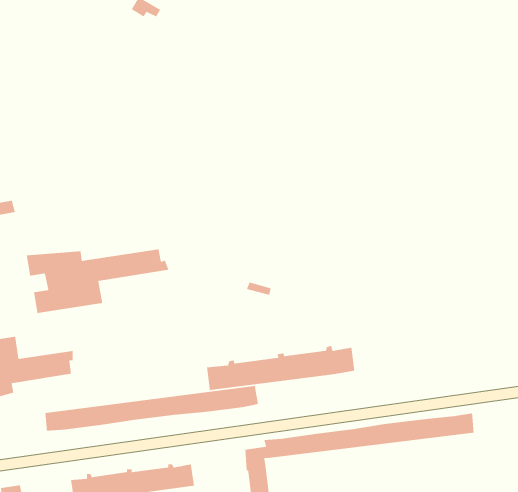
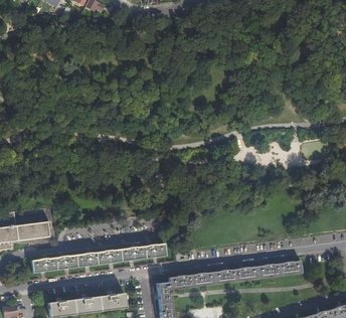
building: [26,248,169,314] -> none
building: [206,345,355,391] -> none

